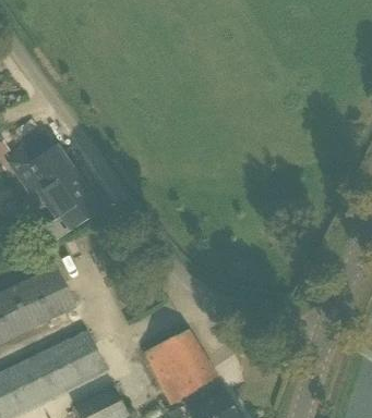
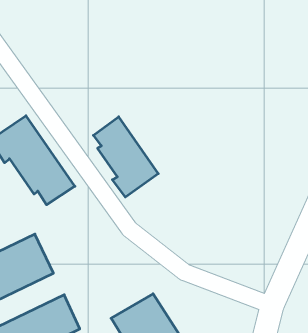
building: none -> [93,117,158,197]

